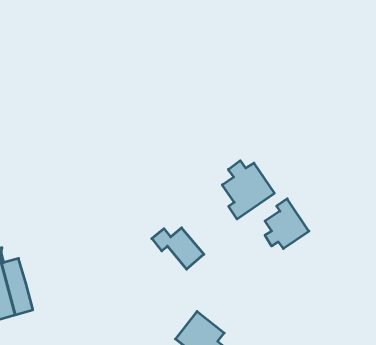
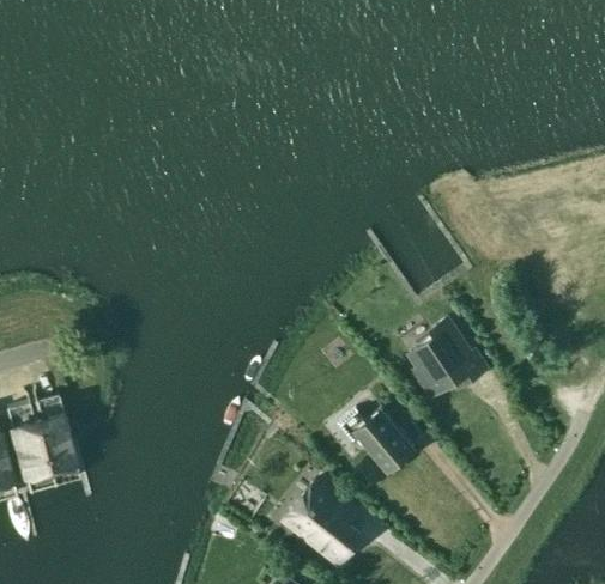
building: [222,161,274,219] -> none
building: [152,228,204,269] -> [337,412,412,472]

